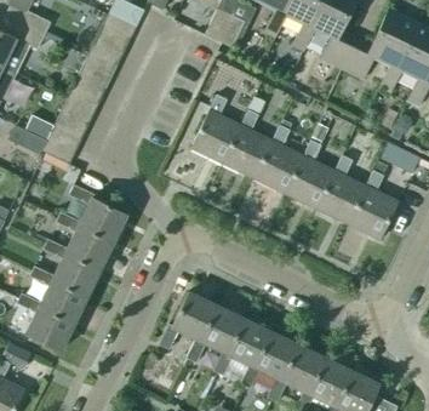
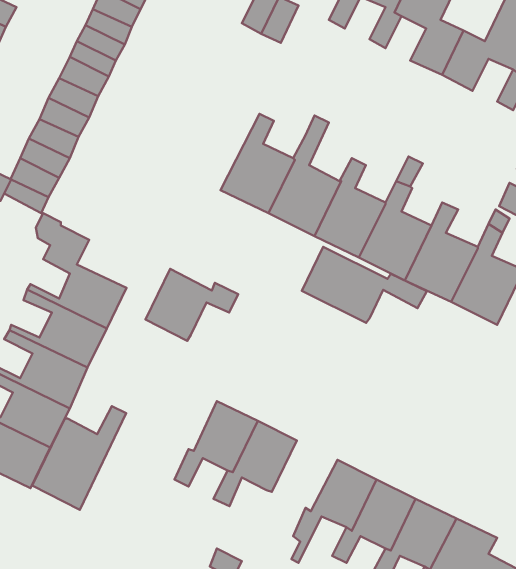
building: none -> [302,247,427,323]
building: none -> [146,269,238,341]
building: none -> [32,406,126,510]
building: [212,319,270,377] -> none

